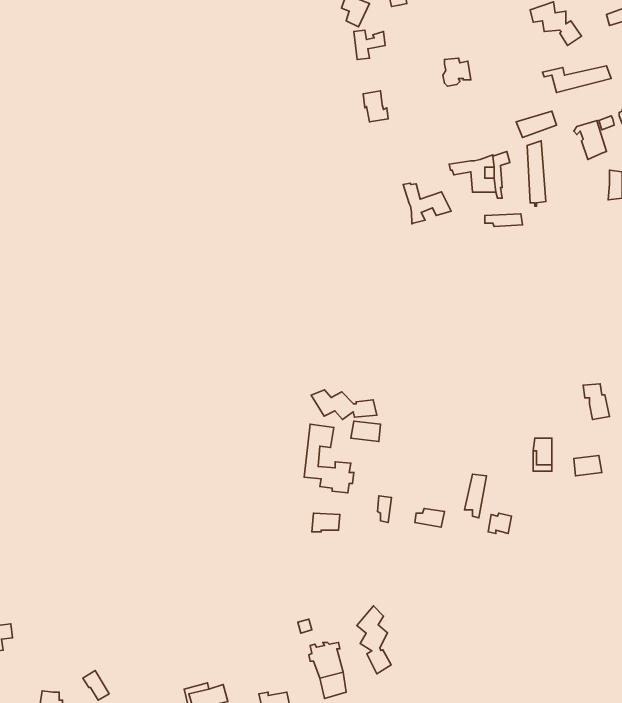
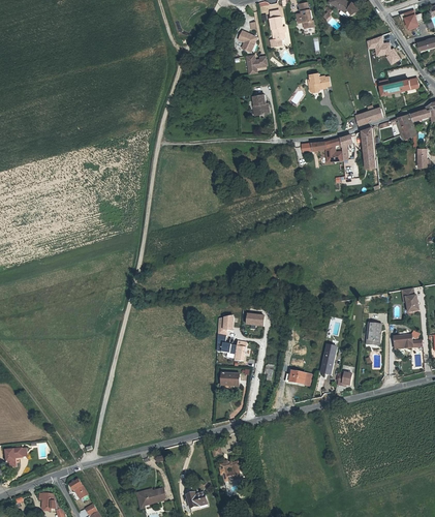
building: [403,183,451,224] -> none
building: [311,390,377,419] -> none
building: [357,606,391,674] -> none

